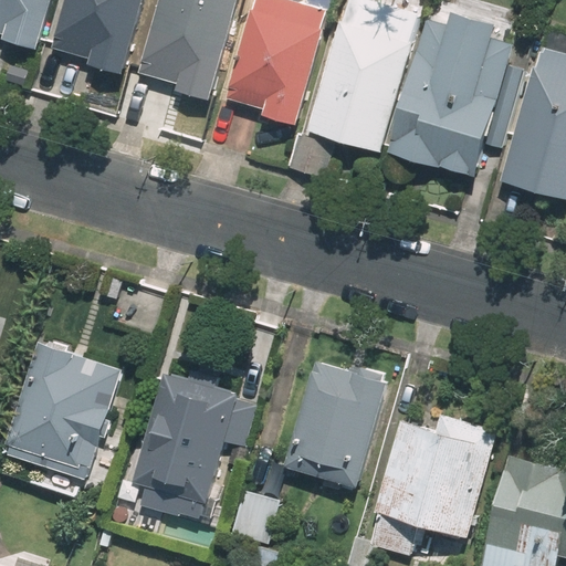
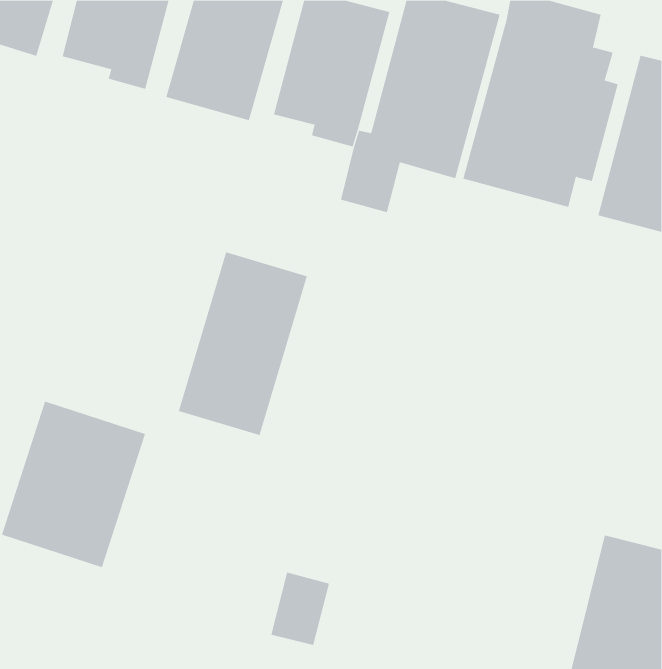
building: none -> [178,251,307,436]
building: [283,355,387,490] -> none
building: [130,368,252,525] -> none
building: [368,409,499,552] -> none

